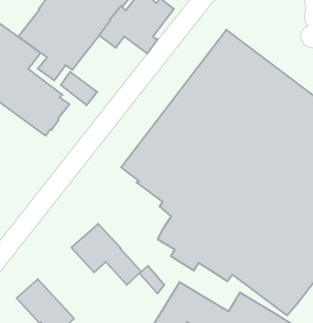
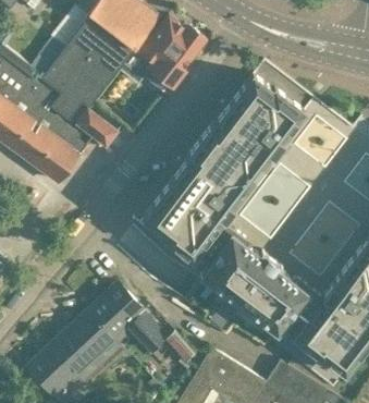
building: none -> [50,309,126,384]

